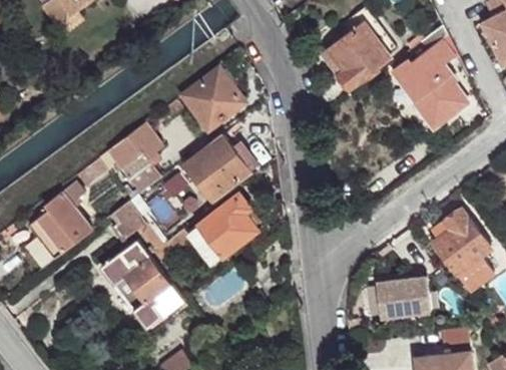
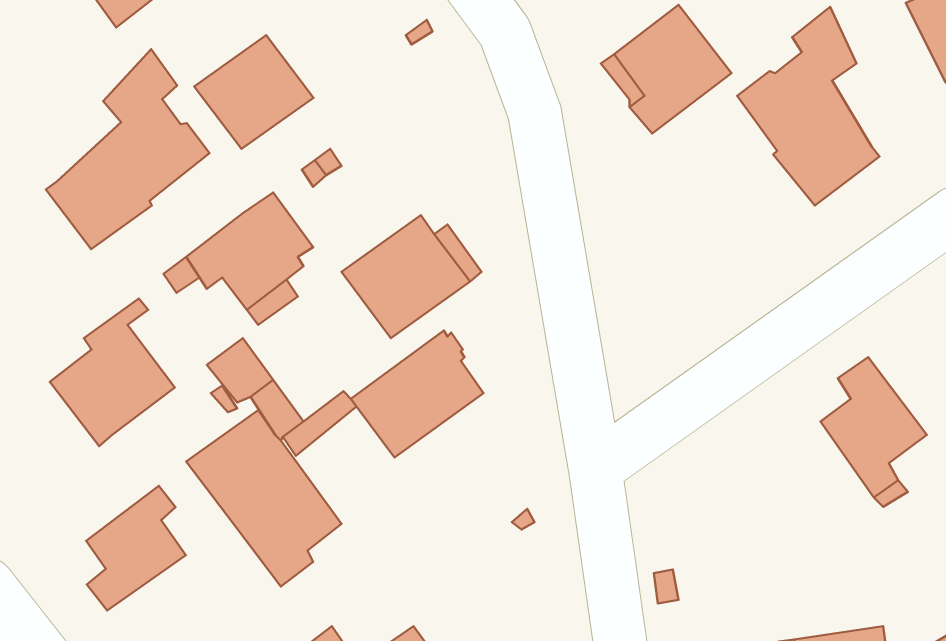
building: none -> [46,49,210,249]
building: [182,68,245,128] -> [194,35,313,149]
building: none -> [86,486,186,611]
building: [379,277,432,317] -> none

